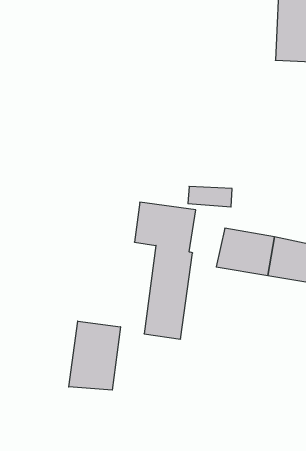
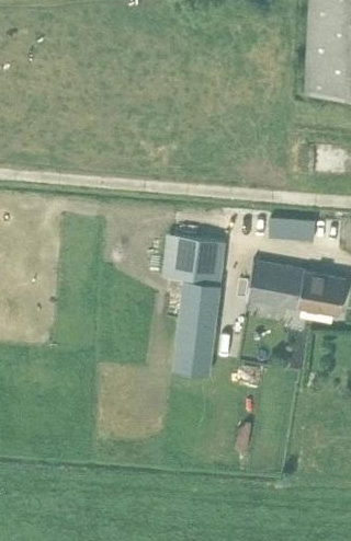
building: [188,186,232,207] -> [269,220,314,241]
building: [69,321,120,390] -> none

